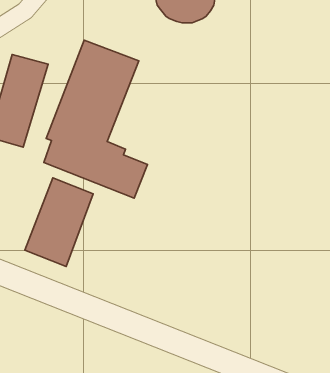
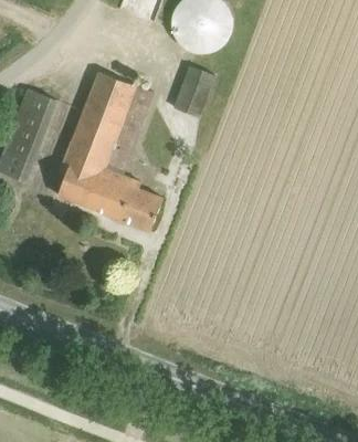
building: none -> [172,66,215,118]
building: [25,178,93,267] -> none

